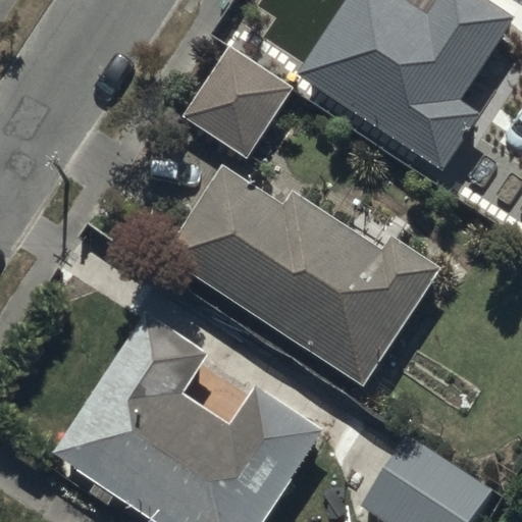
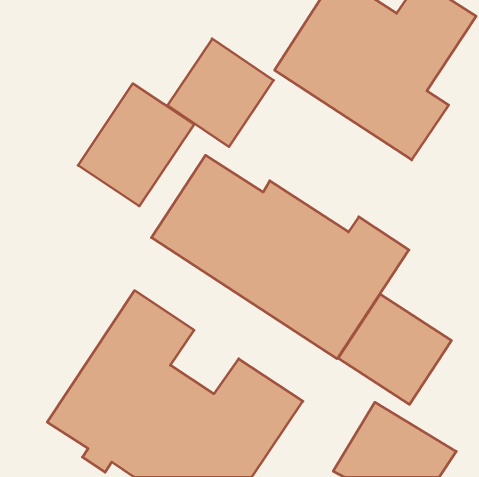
building: none -> [78,84,194,206]
building: none -> [338,294,451,404]

